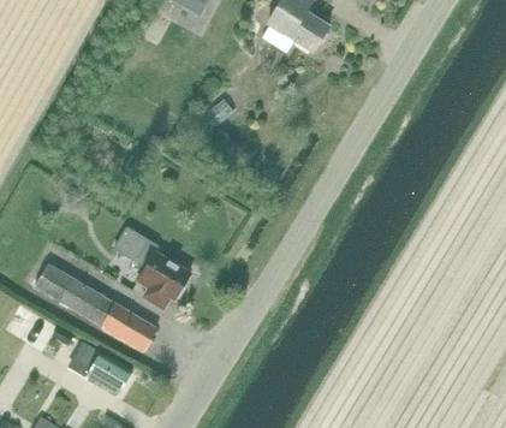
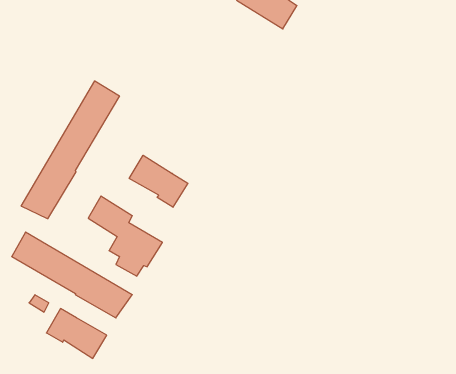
building: none -> [21,81,119,219]
building: none -> [129,155,188,207]

